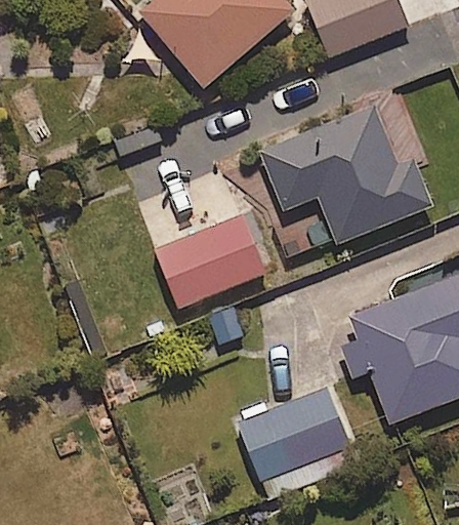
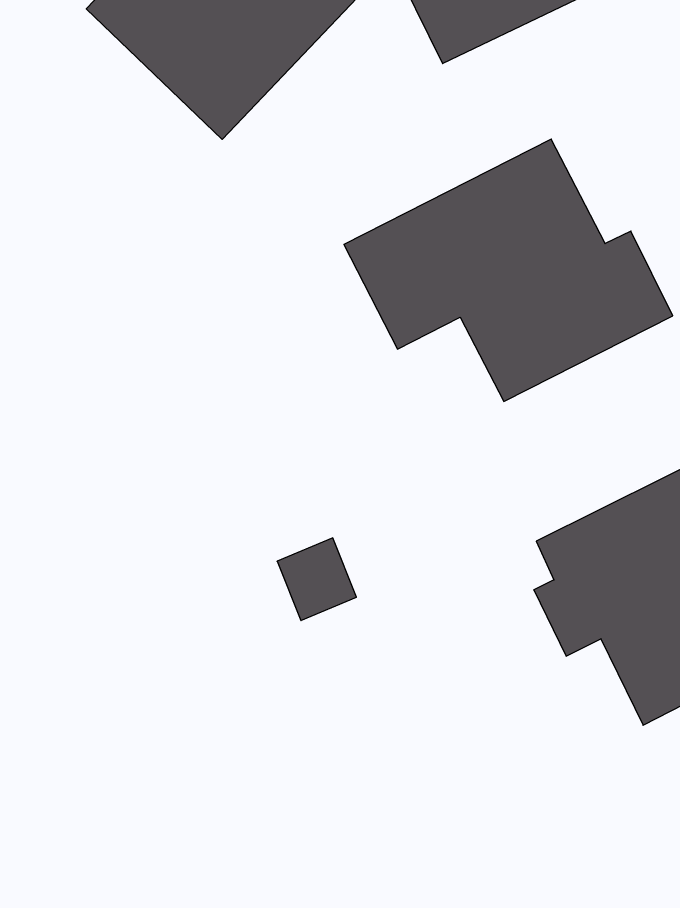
building: [157,216,264,306] -> none
building: [238,388,358,501] -> none

